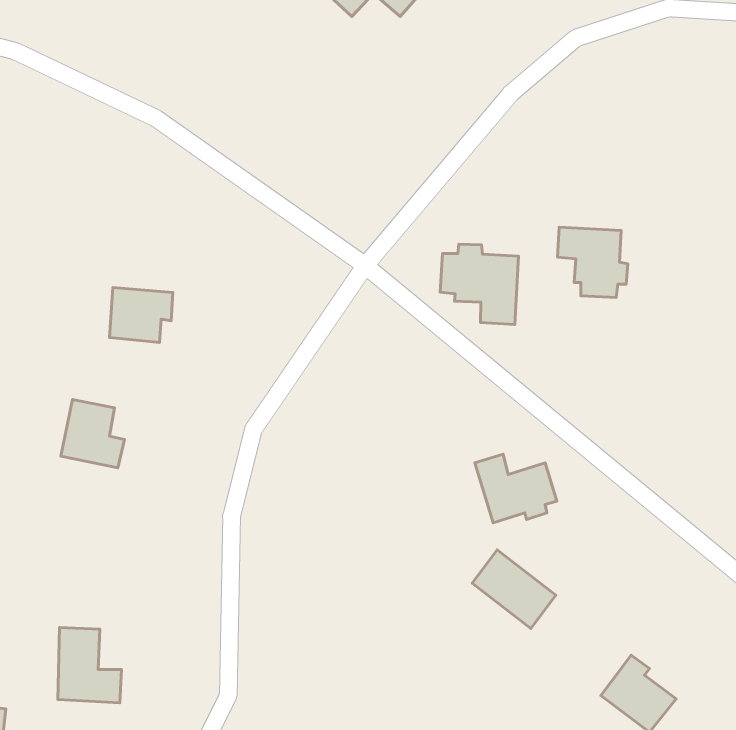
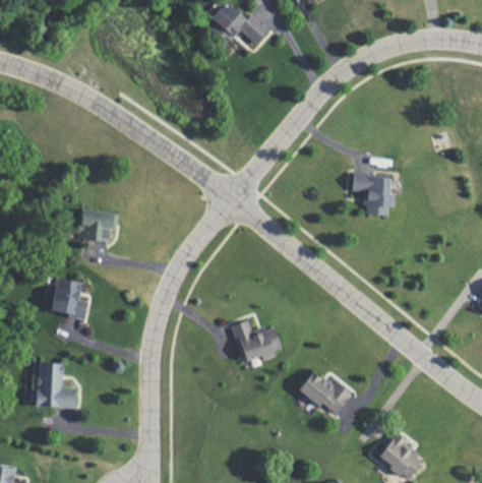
building: [440,244,518,324] -> none
building: [475,454,557,523] -> [232,319,282,361]
building: [58,628,121,703] -> [38,362,76,408]

